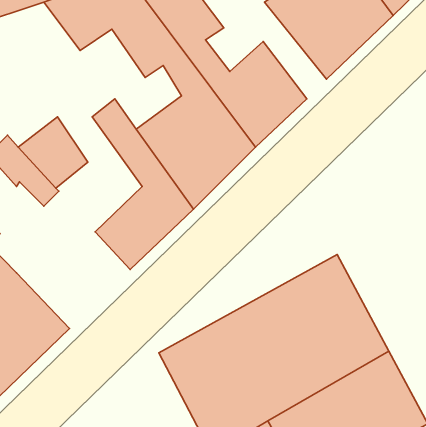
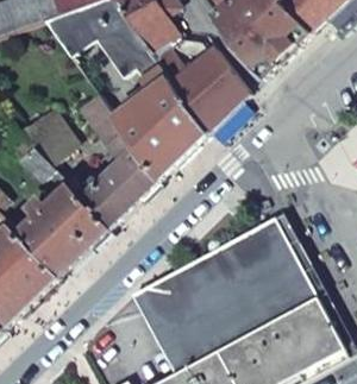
building: none -> [21,182,111,273]

